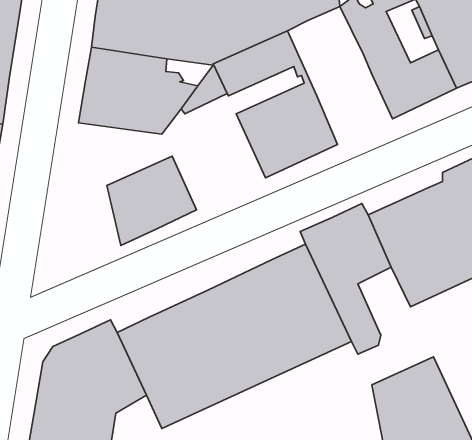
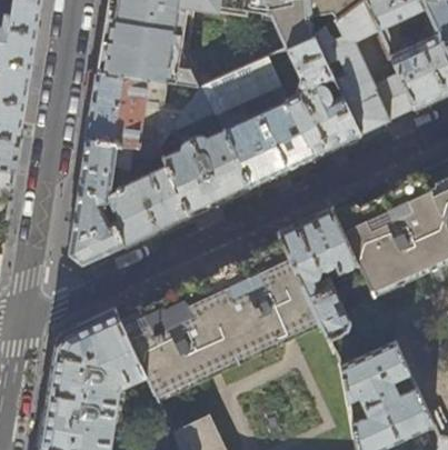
building: none -> [286,37,359,157]
building: none -> [163,130,249,213]
building: none -> [69,138,152,263]

